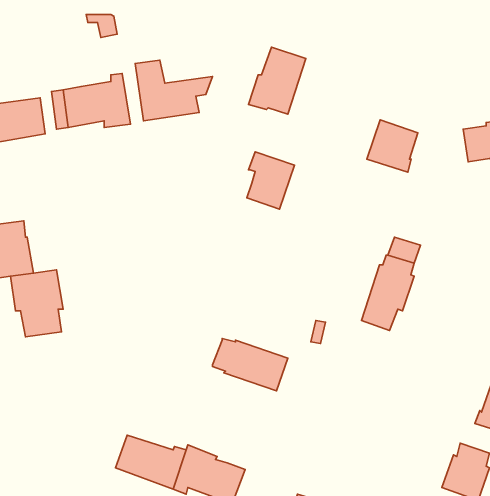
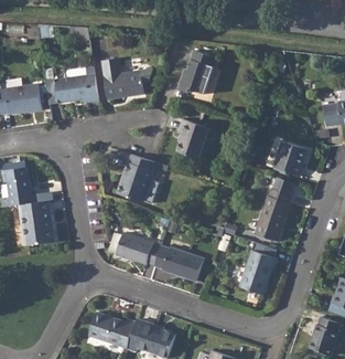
building: [367,120,418,172] -> [272,141,306,177]
building: none -> [120,154,154,201]
building: none -> [116,233,161,264]
building: none -> [240,251,278,295]

